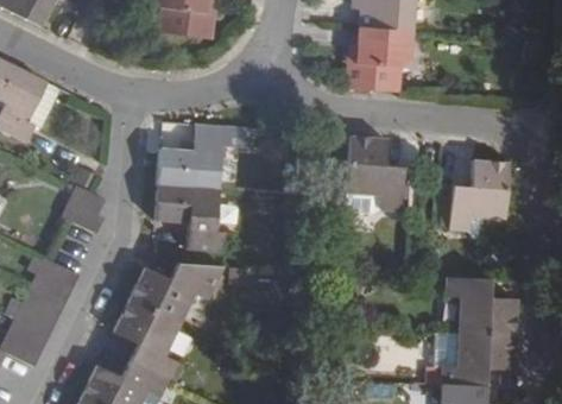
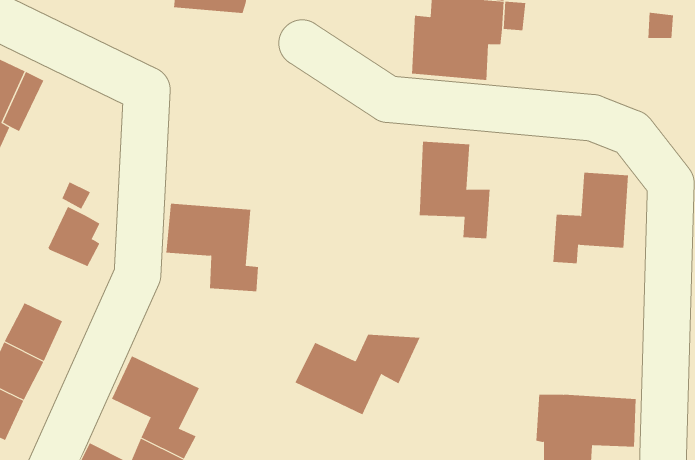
building: [157,124,232,188] -> none
building: [127,263,223,324] -> [295,334,420,415]
building: [446,276,514,333] -> none

